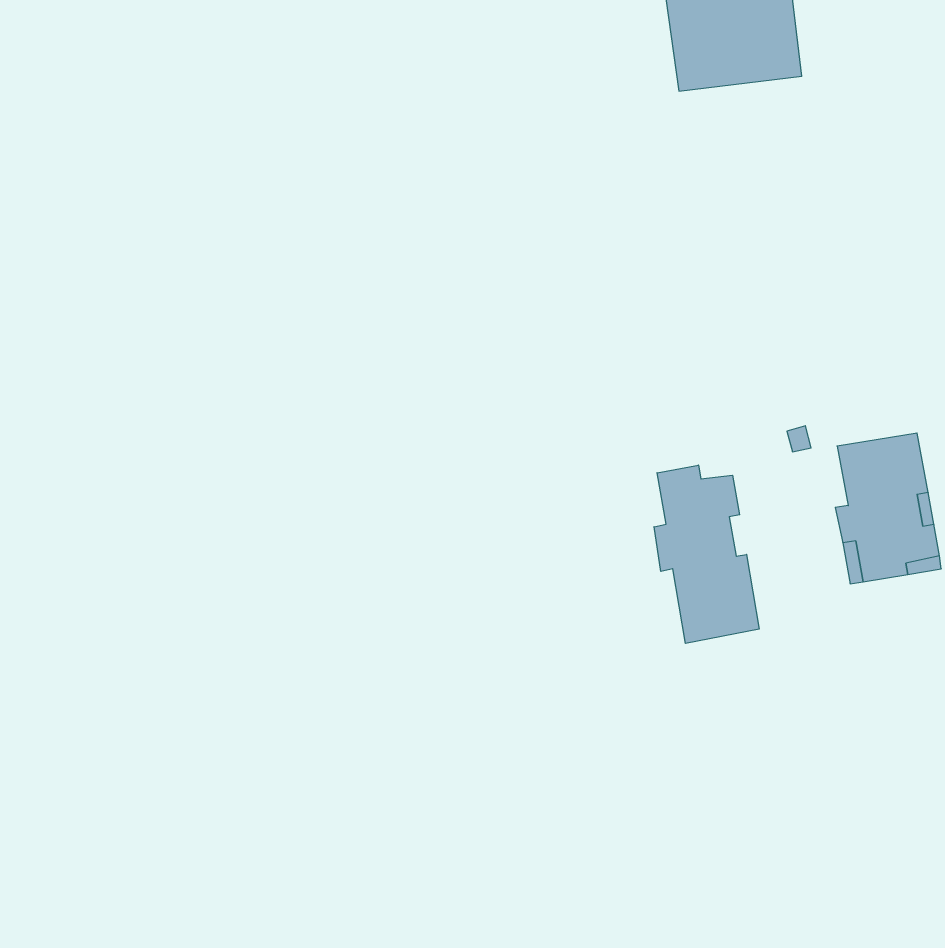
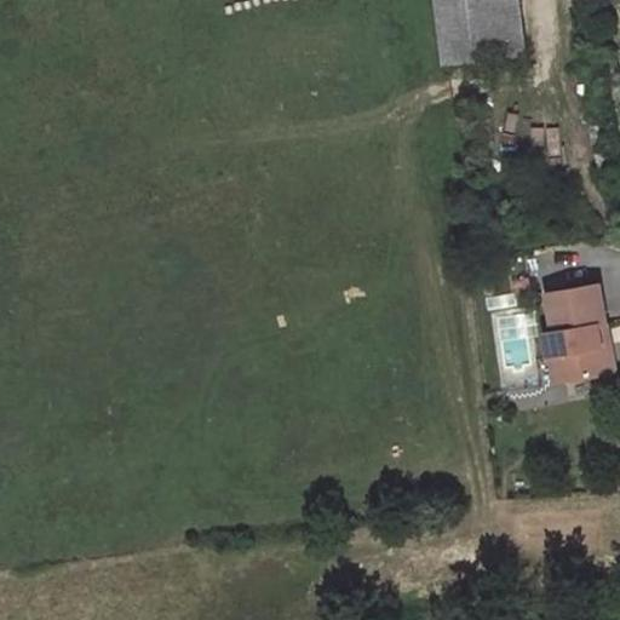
building: [654,465,759,643] -> none

